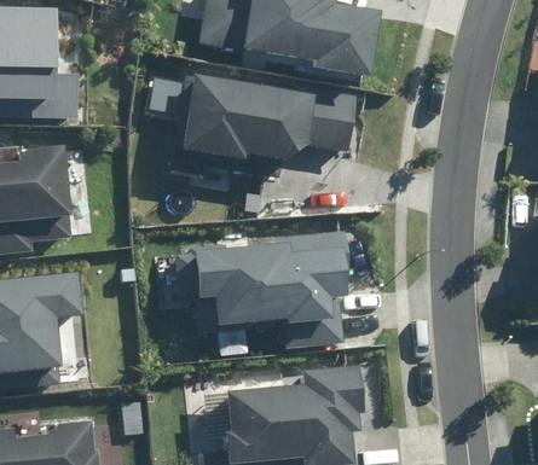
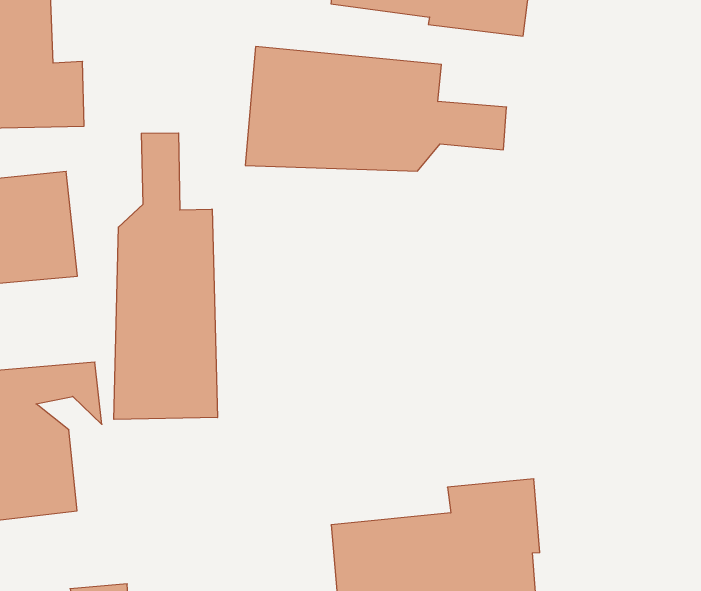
building: none -> [114,133,217,419]
building: [193,236,346,345] -> none

